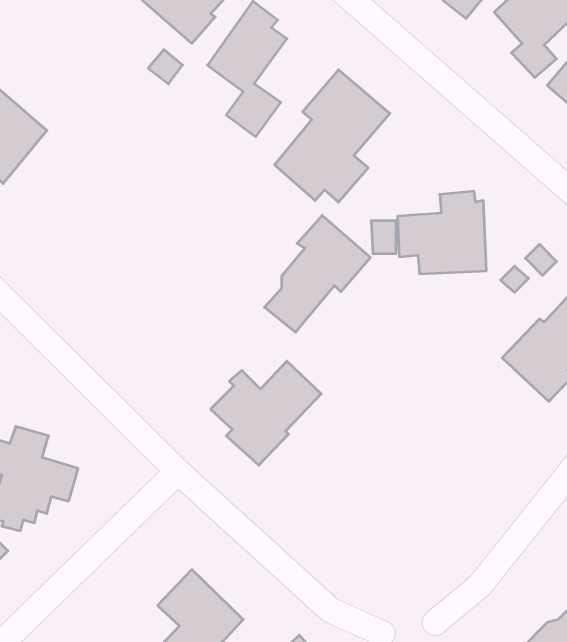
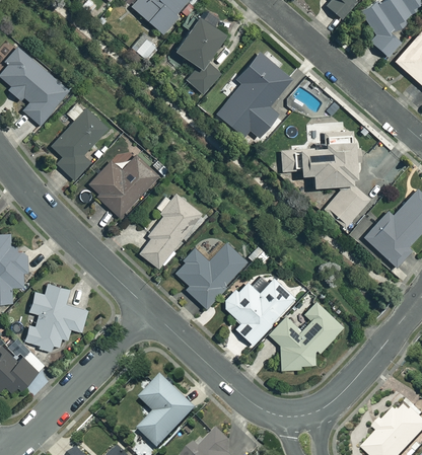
building: none -> [51,108,108,180]
building: [264,215,370,332] -> [138,194,207,270]
building: none -> [89,156,157,218]
building: none -> [326,184,372,228]
building: none -> [221,279,294,346]
building: none -> [269,302,343,371]

